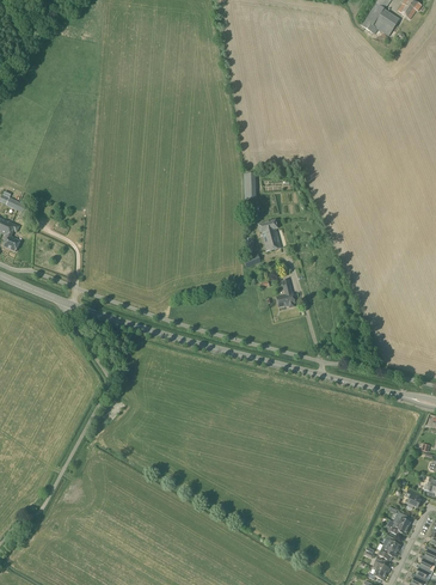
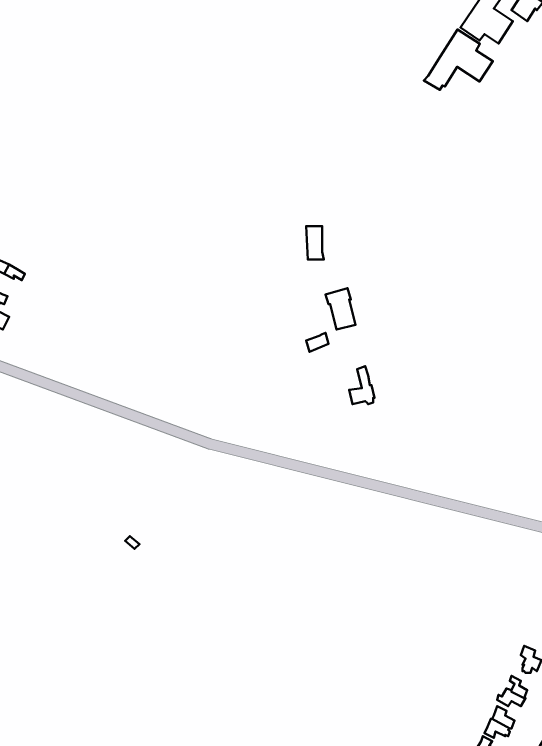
building: none -> [424,29,493,90]

